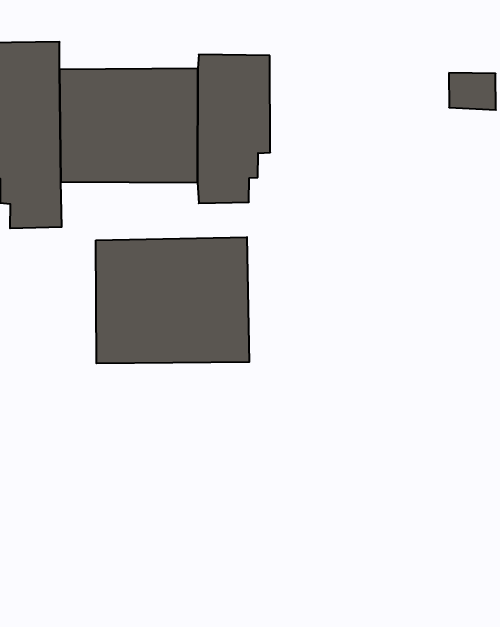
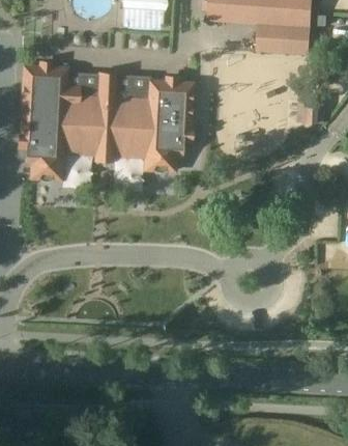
building: [96,237,249,363] -> none

